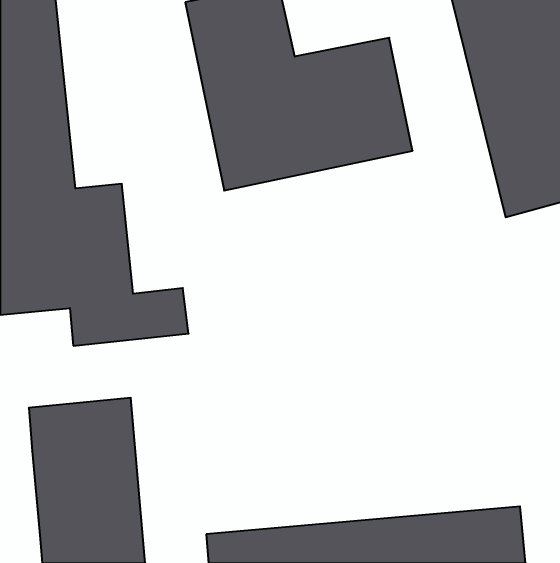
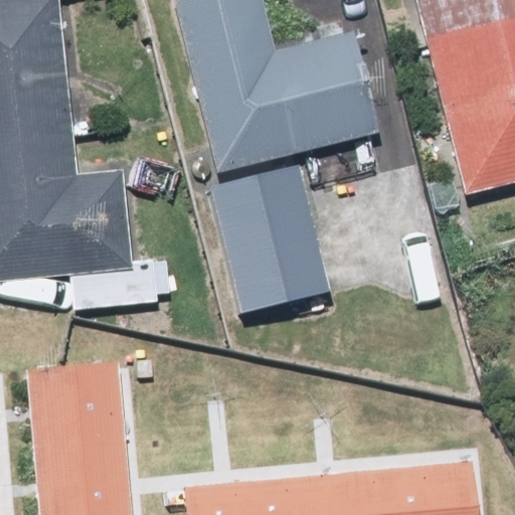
building: none -> [206,166,327,320]

